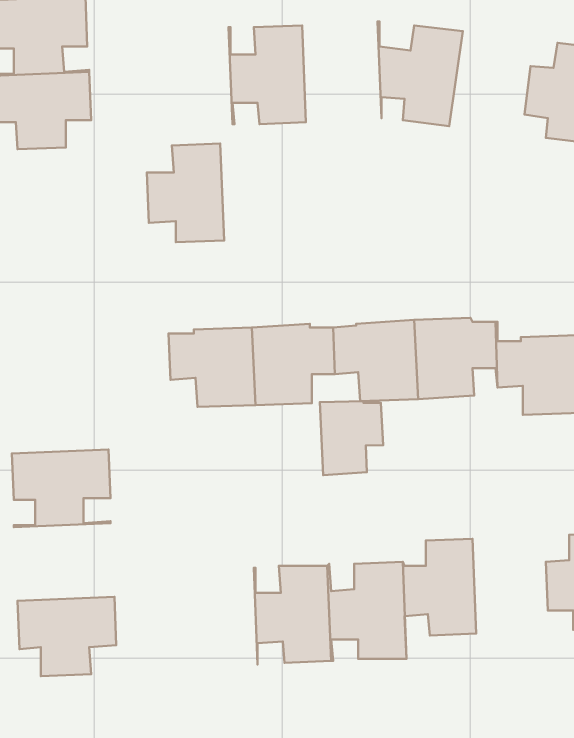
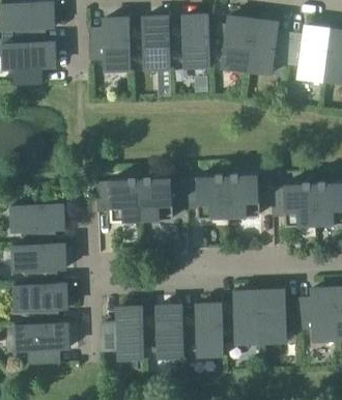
building: none -> [168,16,210,69]
building: none -> [247,21,290,75]
building: [147,144,224,242] -> [89,19,131,72]
building: none -> [11,204,64,247]
building: [320,401,383,475] -> none
building: none -> [13,284,67,325]
building: none -> [259,291,300,343]
building: none -> [103,308,144,360]

